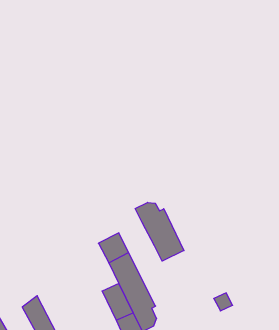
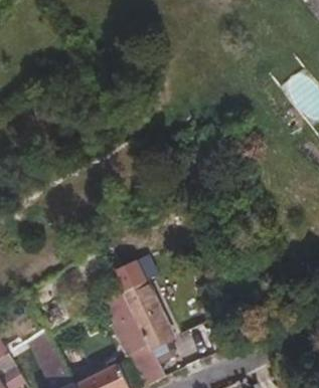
building: [135,202,184,261] -> none

